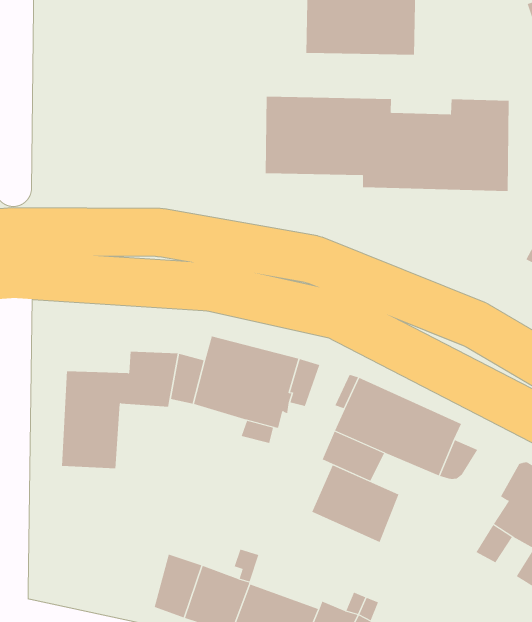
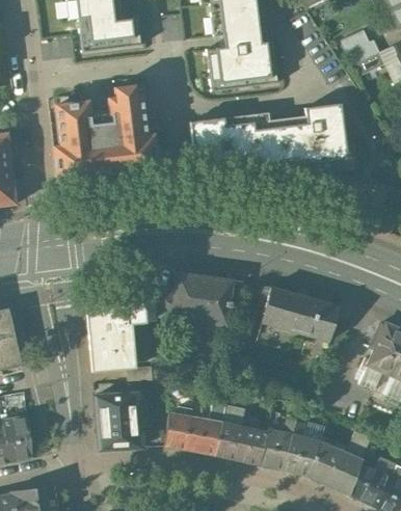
building: none -> [53,83,156,178]
building: [312,464,399,543] -> none
building: none -> [93,392,140,449]

